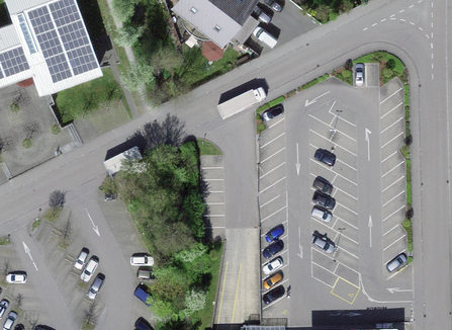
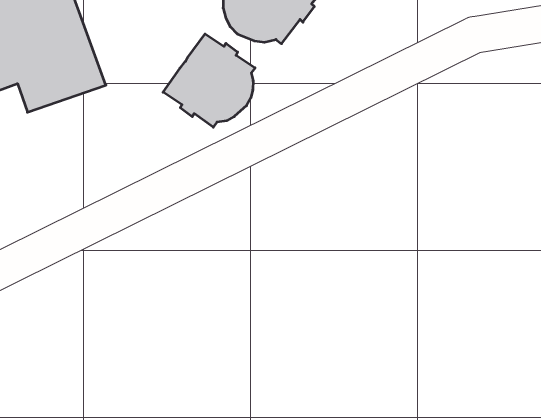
building: none -> [163,34,255,127]

